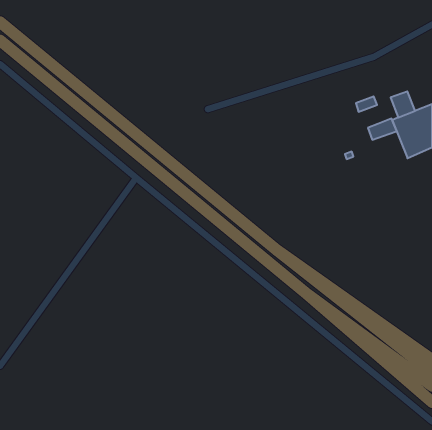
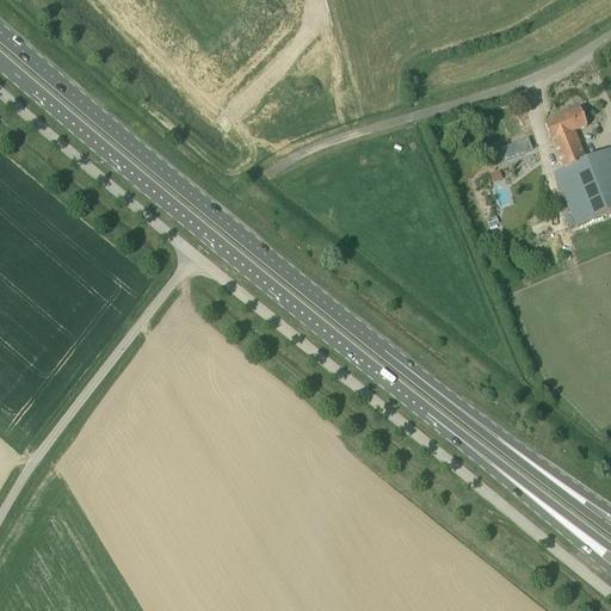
building: [368,119,397,140] -> [545,107,586,137]

